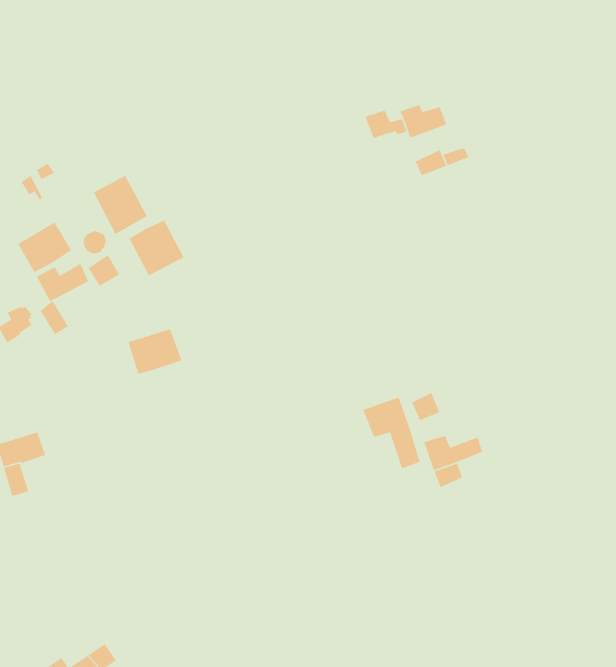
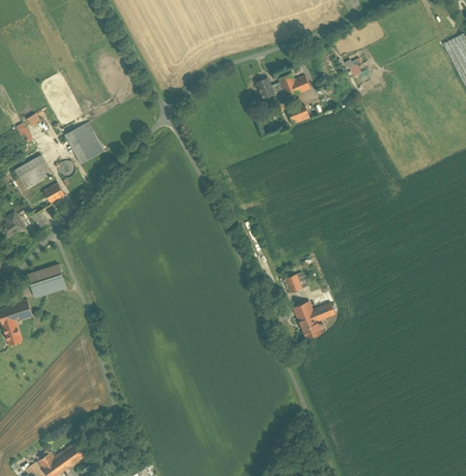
building: [128,219,185,276] -> none
building: [127,328,182,375] -> [30,265,68,297]
building: [362,397,421,469] -> none

